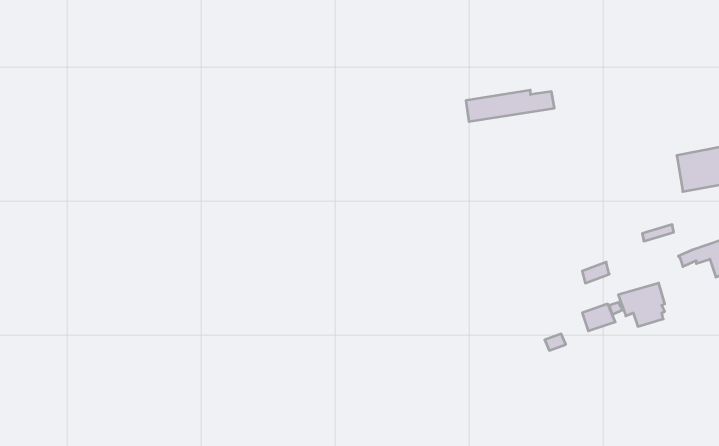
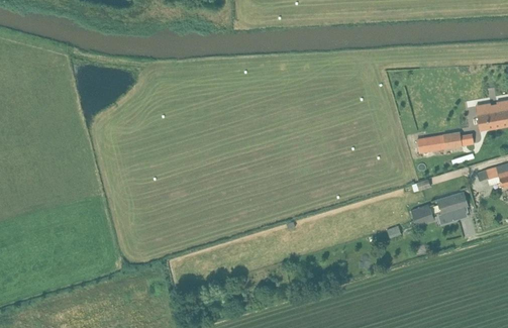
building: [466,90,554,122] -> [417,132,477,153]

